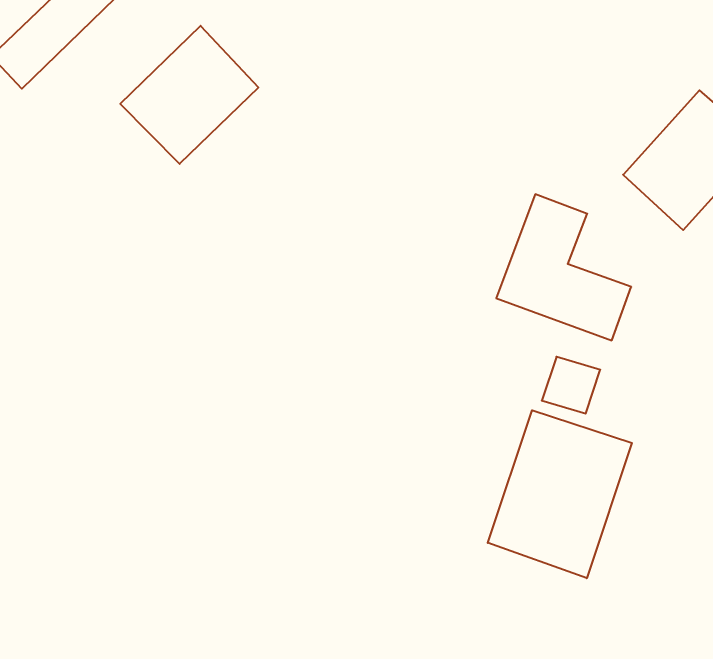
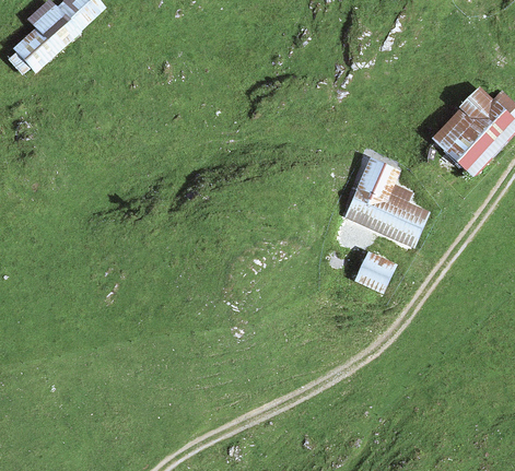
building: [120,26,258,164] -> none
building: [488,410,632,578] -> none

